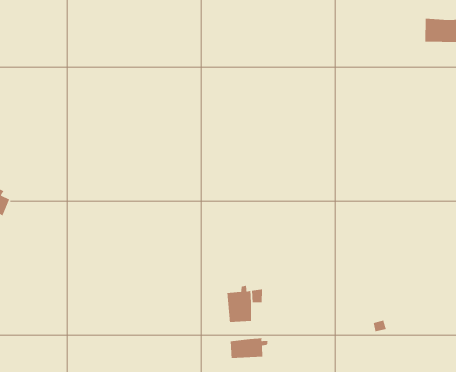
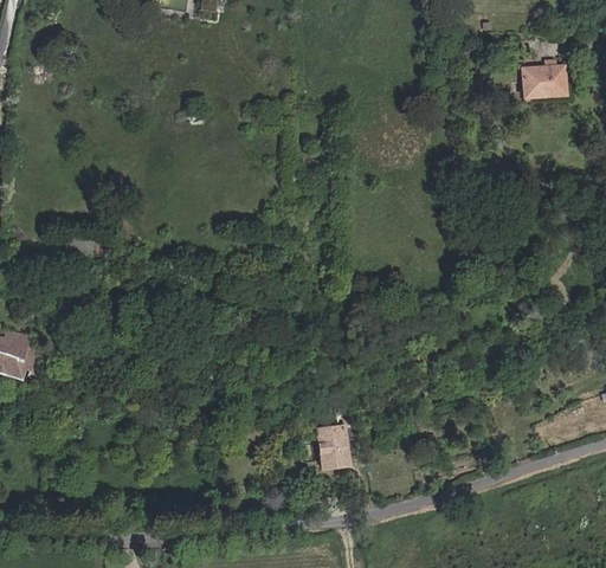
building: [230,337,268,359] -> none

